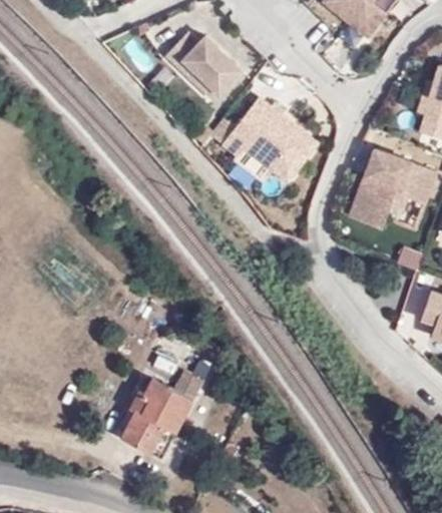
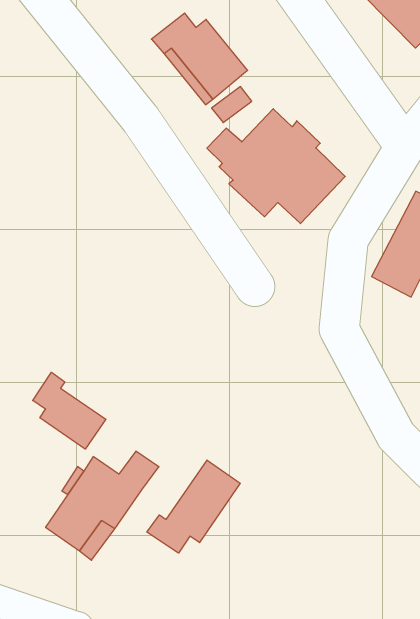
building: none -> [33,372,106,449]
building: none -> [147,460,240,553]

